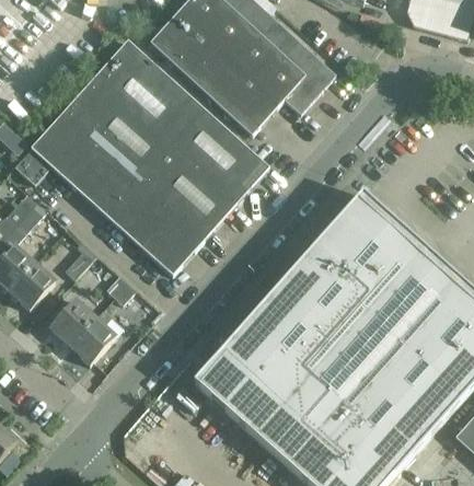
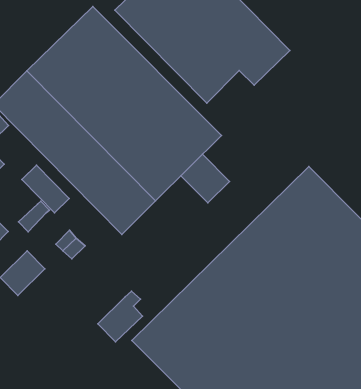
building: none -> [181,154,230,203]
building: none -> [22,165,69,213]
building: [69,309,115,362] -> [98,291,142,342]

